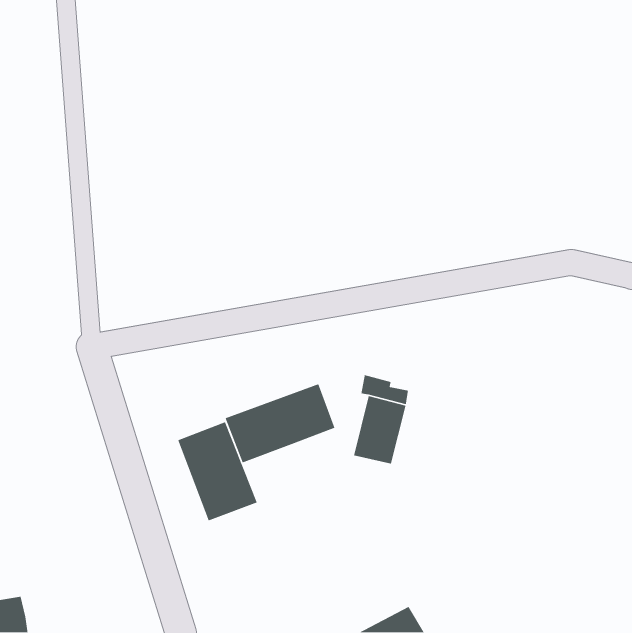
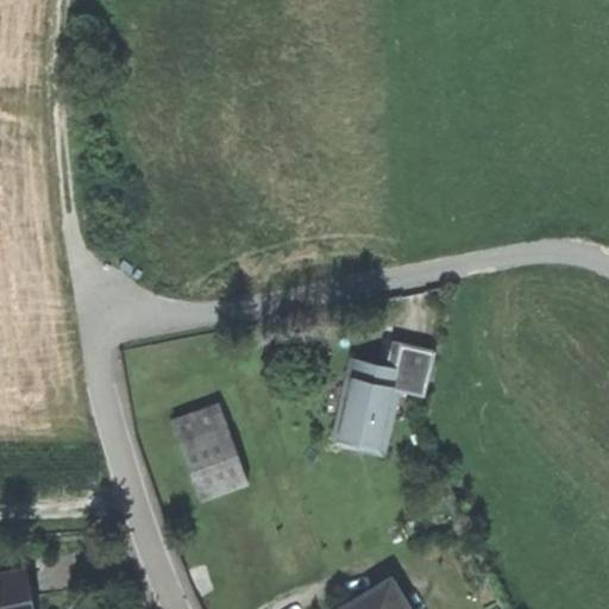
building: none -> [390,343,434,396]
building: [225,383,336,464] -> none

